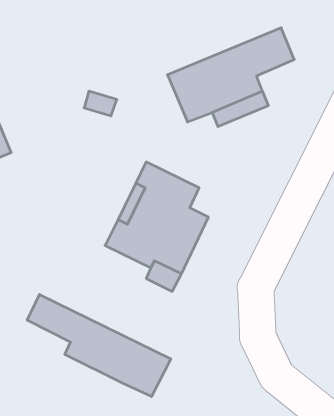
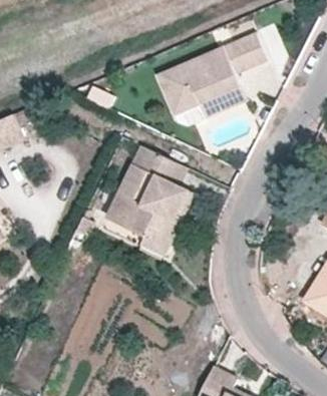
building: [27,294,171,397] -> none

